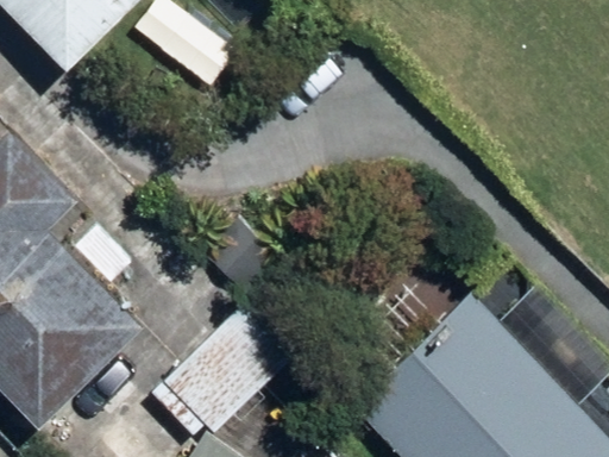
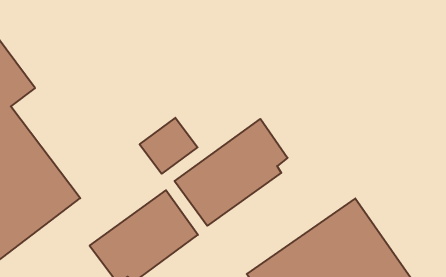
building: none -> [175,119,288,226]

